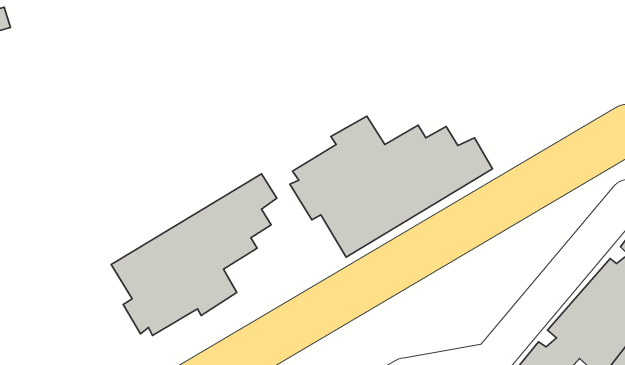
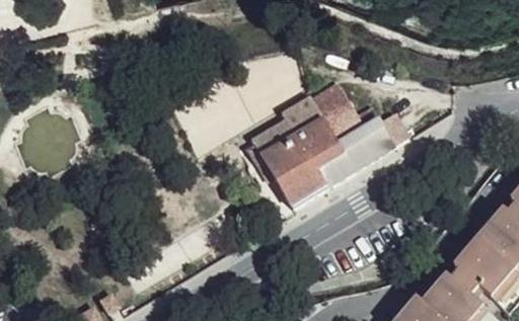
building: [111,174,277,336] -> none

